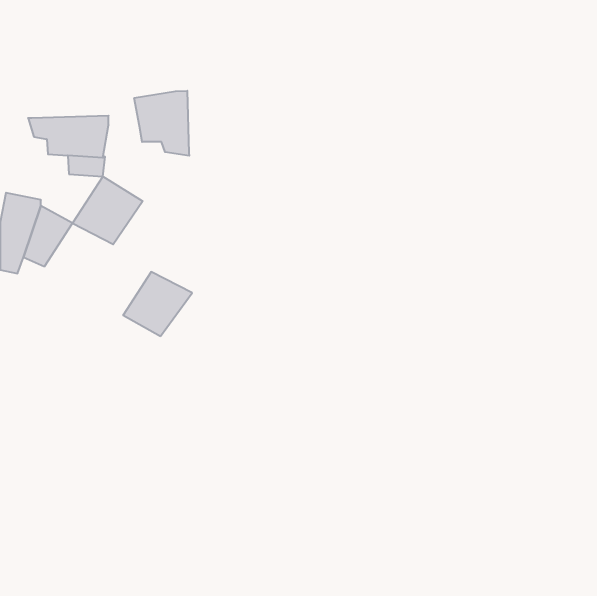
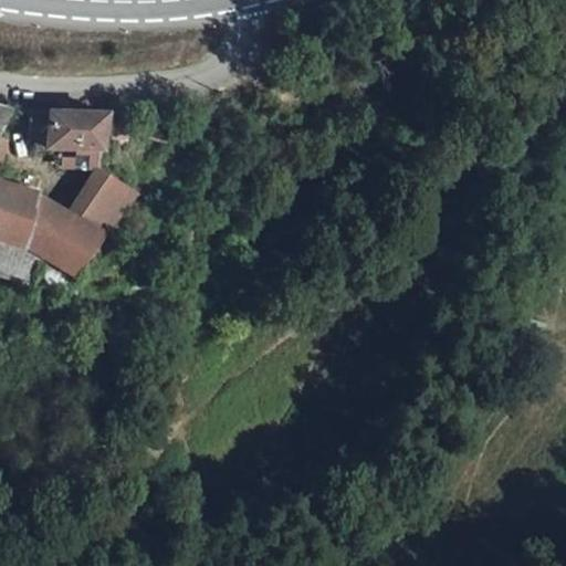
building: [134,91,189,156] -> none
building: [123,272,192,336] -> [42,211,107,272]

